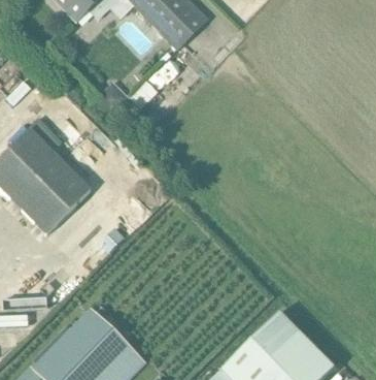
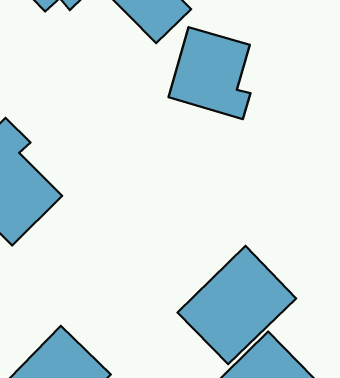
building: none -> [169,27,250,119]
building: none -> [177,246,296,364]

